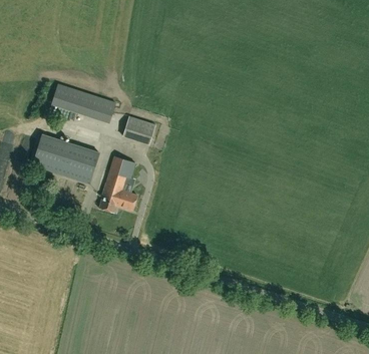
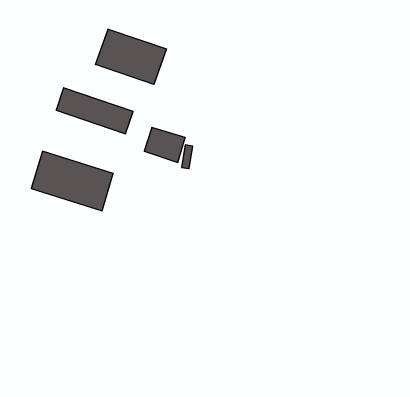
building: none -> [96,29,167,84]
building: [99,156,138,213] -> none

